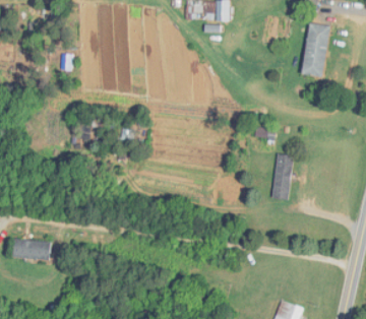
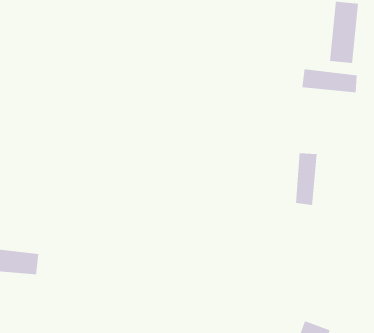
building: none -> [302,69,357,93]

